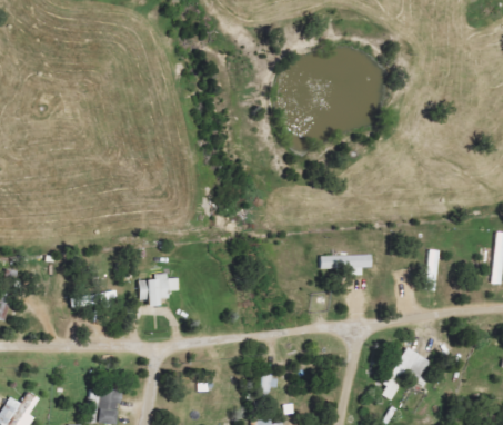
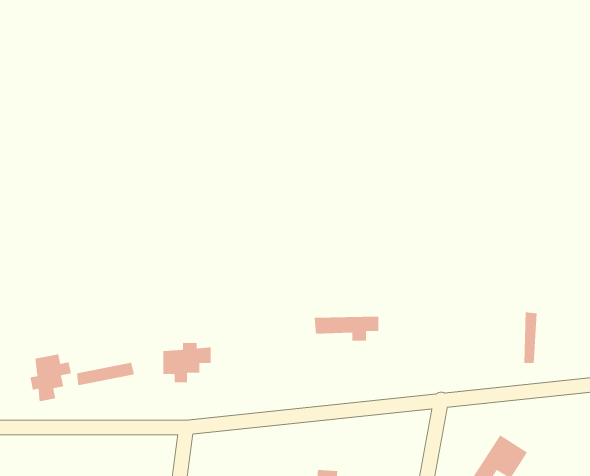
building: [320,255,372,275] -> [314,316,379,341]
building: none -> [30,353,71,402]

